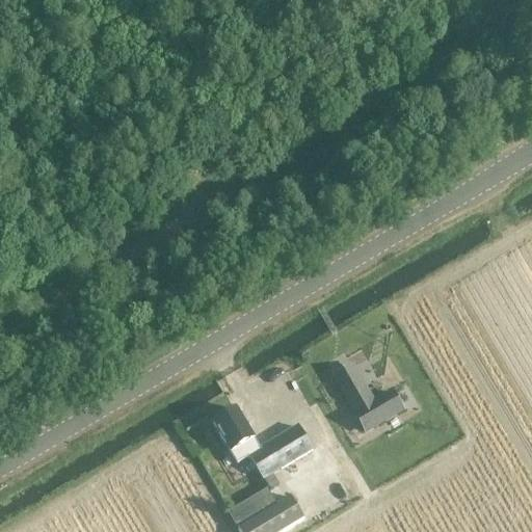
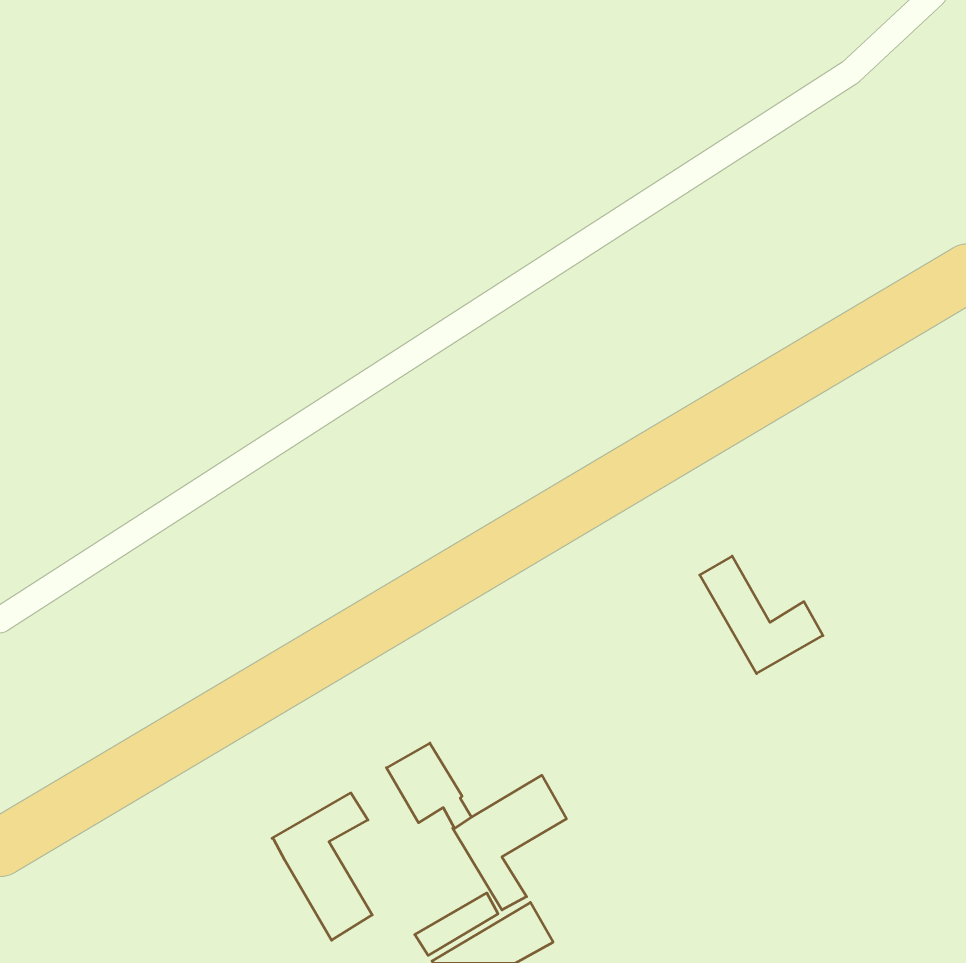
building: [335,365,402,429] -> [700,556,823,674]
building: none -> [272,793,372,940]

